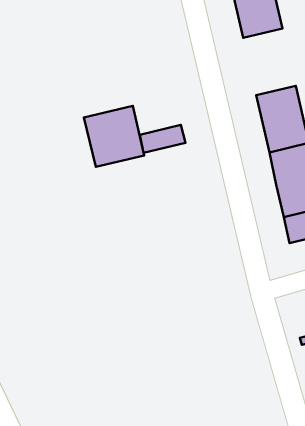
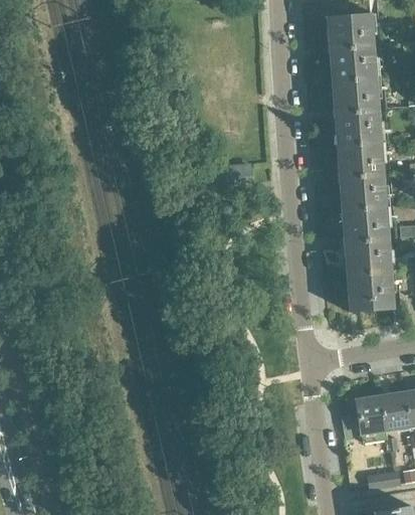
building: none -> [333,76,382,145]
building: [84,106,144,167] -> none

